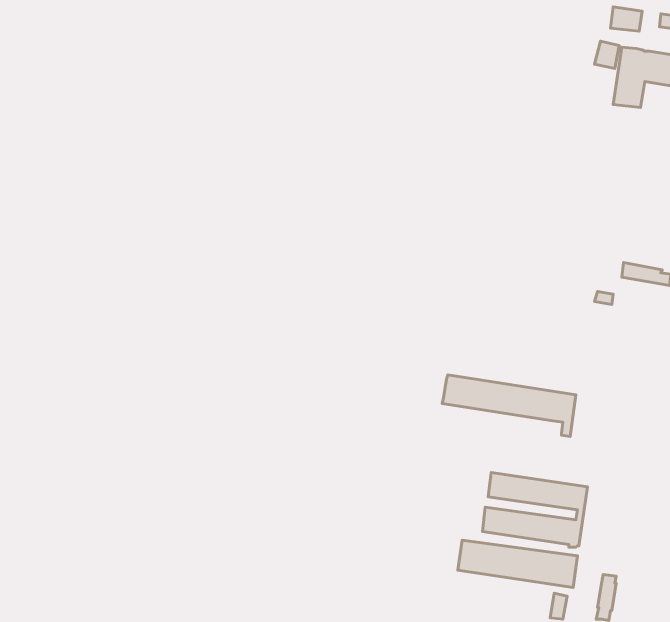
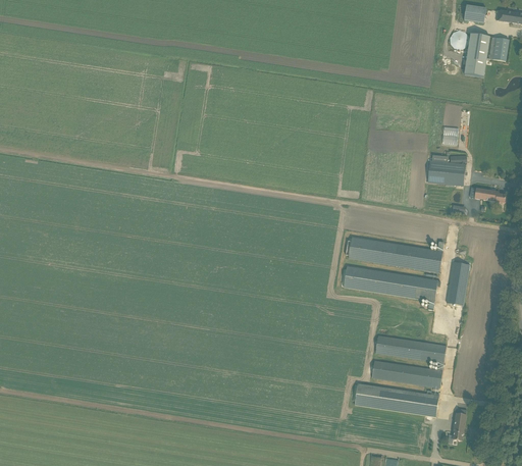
building: none -> [427,154,466,186]
building: none -> [348,237,443,272]
building: none -> [447,262,469,306]

